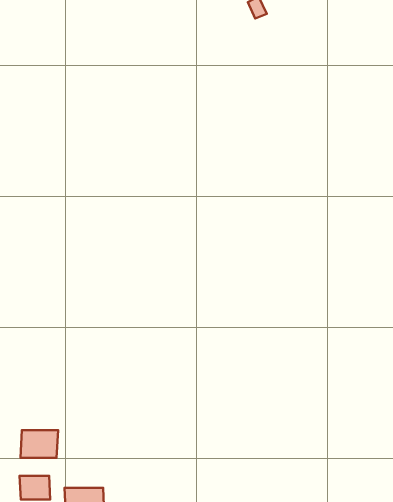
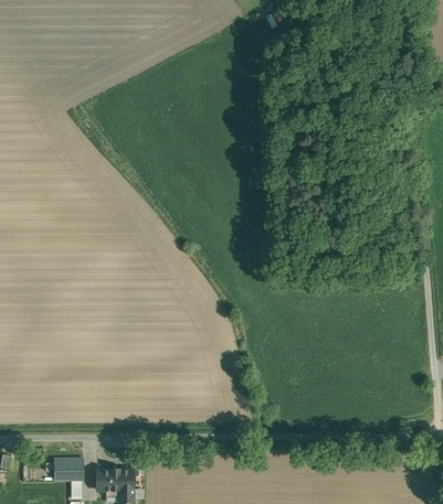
building: [20,430,58,458] -> none

